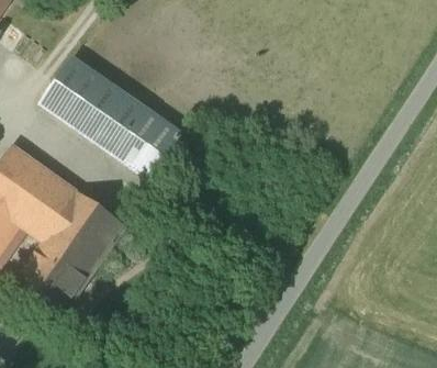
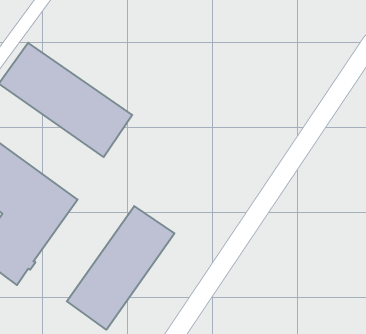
building: none -> [67,206,174,330]

